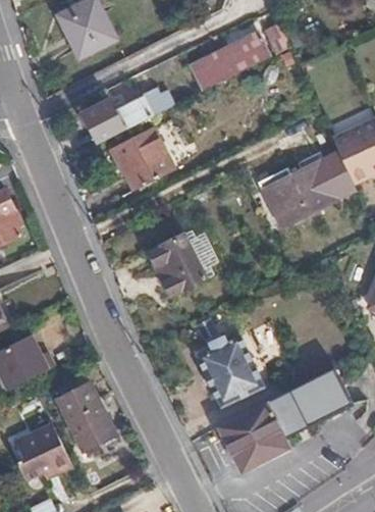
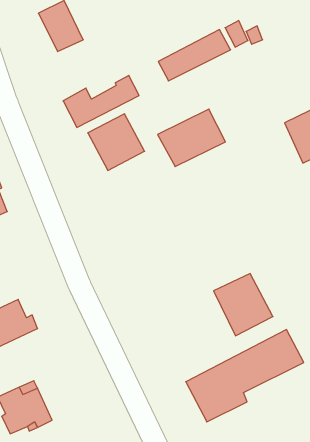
building: [262,161,337,225] -> [158,109,225,167]
building: [149,234,206,297] -> none
building: [198,335,264,404] -> [214,274,273,336]
building: [56,383,113,450] -> none

